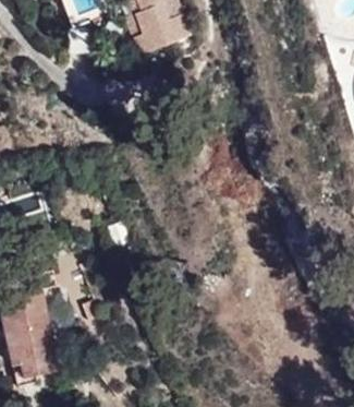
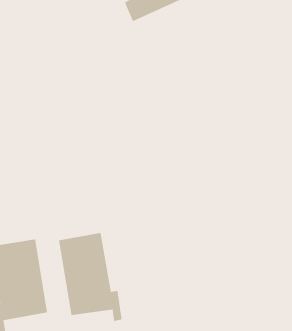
building: none -> [58,232,122,322]

